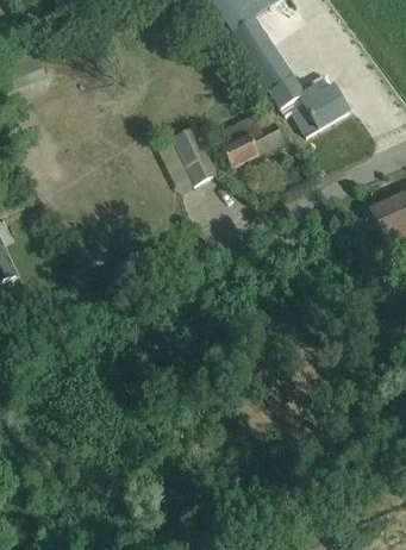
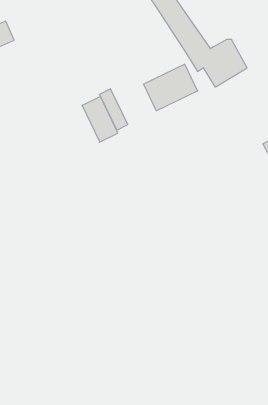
building: [171,126,218,186] -> [82,96,118,142]

